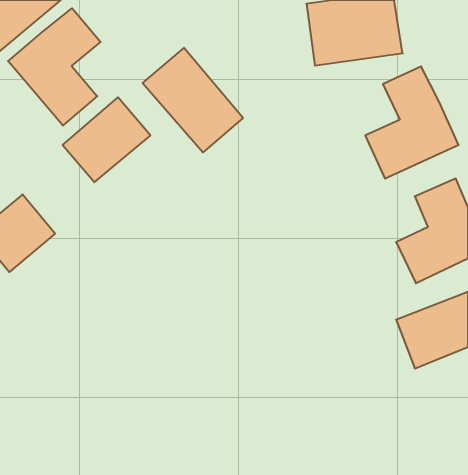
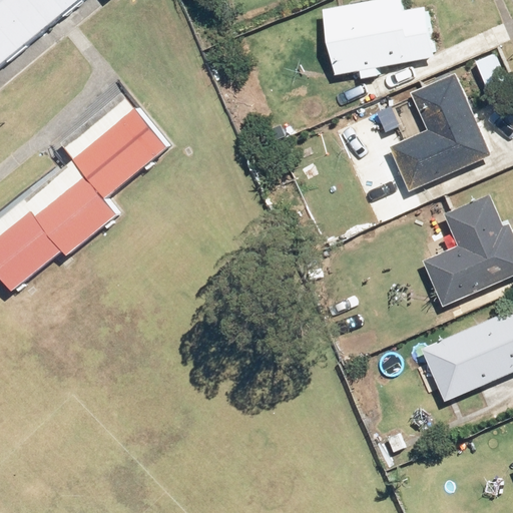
building: [8,8,101,126] -> none
building: [143,48,243,152] -> none
building: none -> [32,179,108,253]

